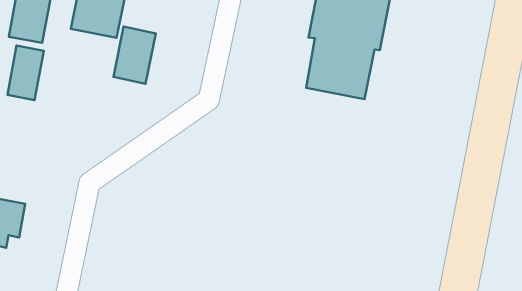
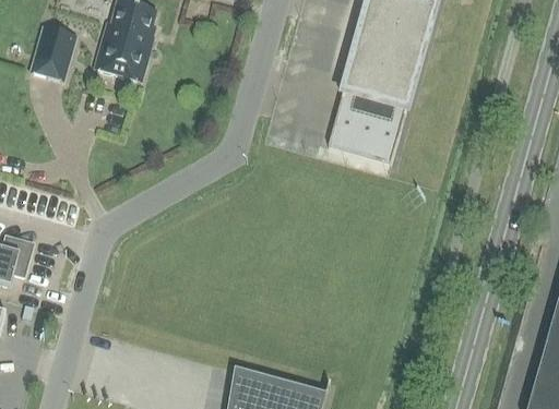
building: [113,27,156,84] -> none
building: [7,45,44,100] -> none

